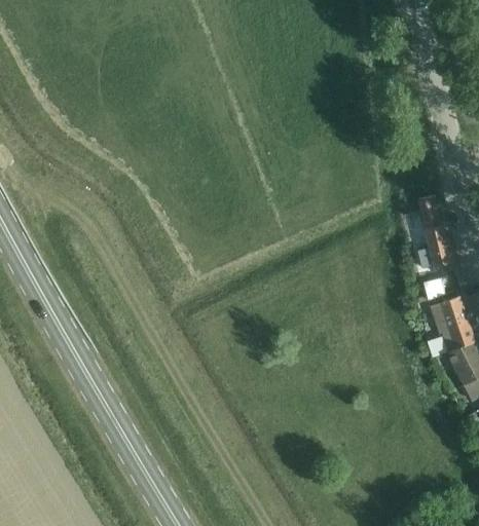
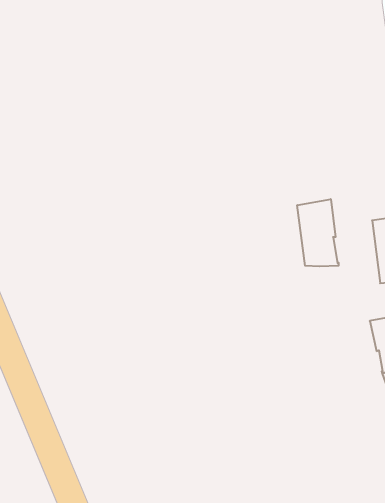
building: none -> [297,199,339,266]

